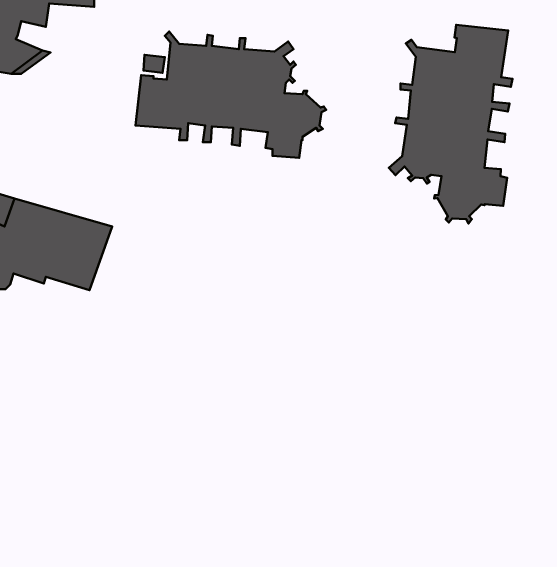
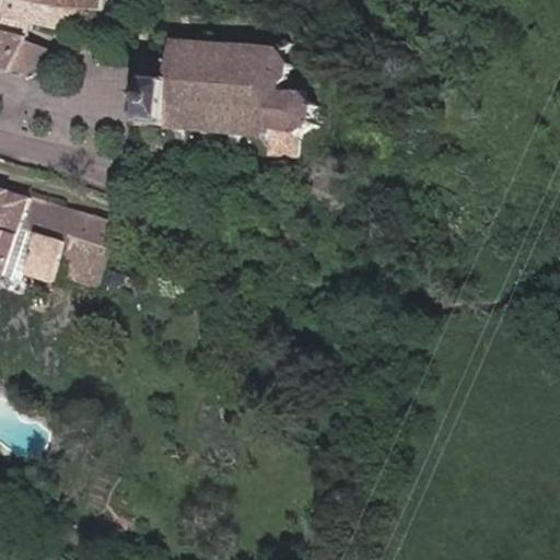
building: [389,25,513,223] -> none

